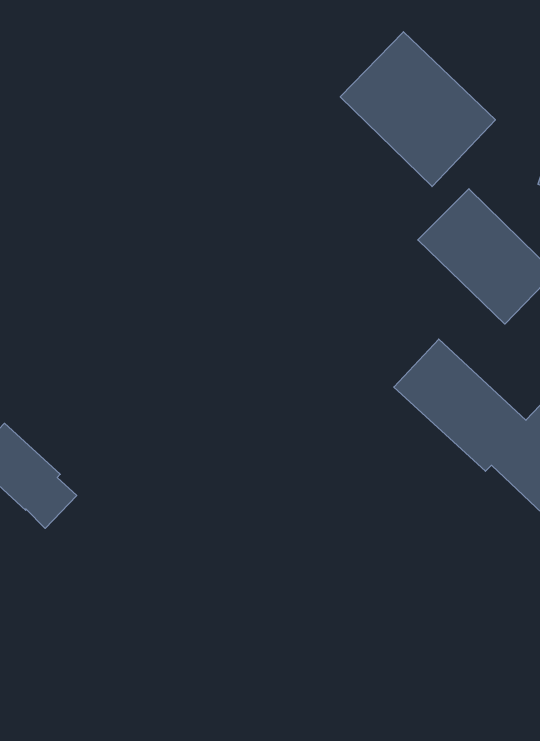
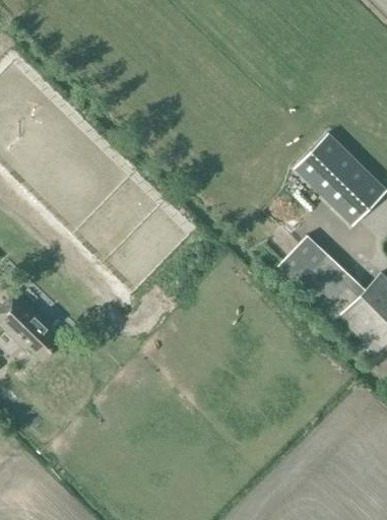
building: [340,32,495,187] -> none

